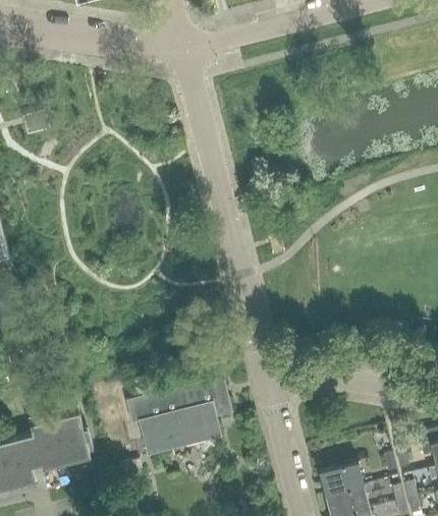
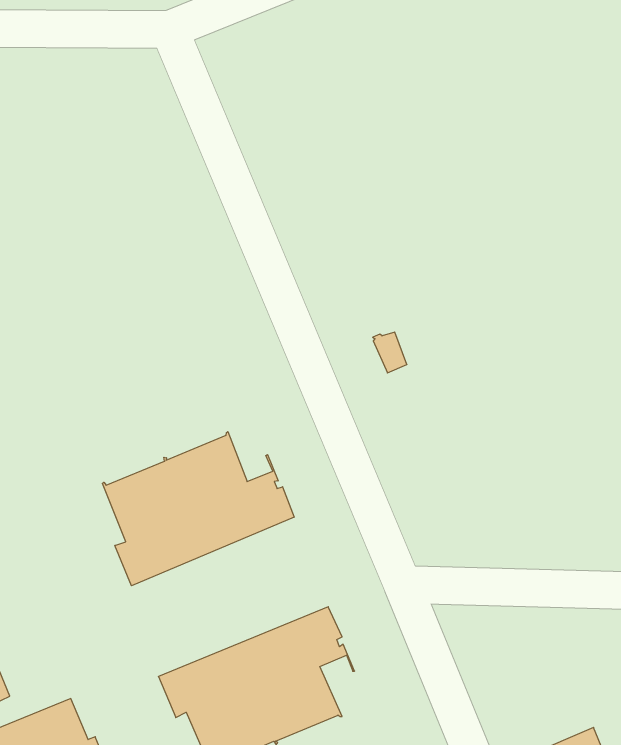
building: none -> [102,432,294,586]

